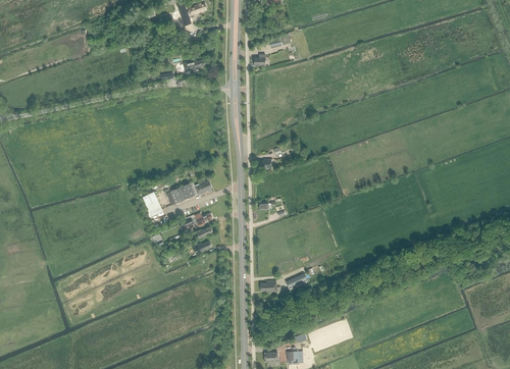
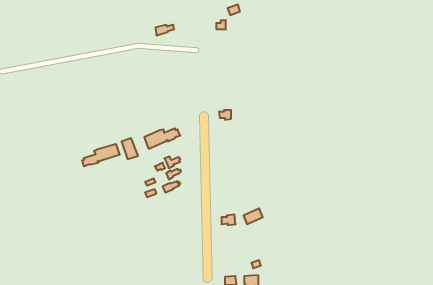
building: none -> [82,144,120,166]

